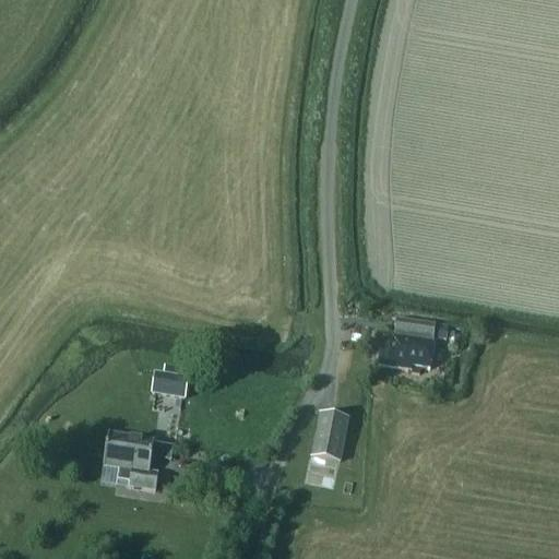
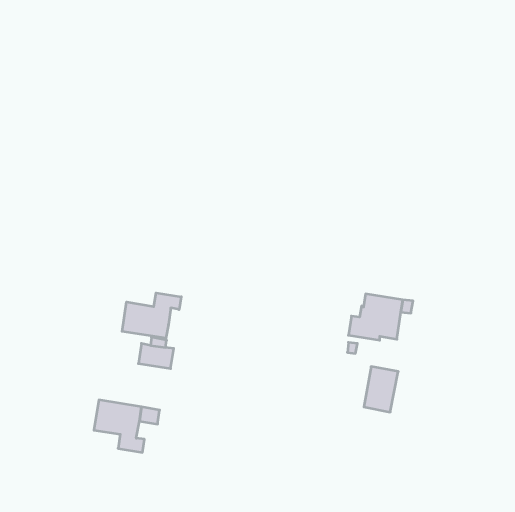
building: none -> [122,293,181,338]
building: [311,412,348,461] -> [364,367,398,412]

